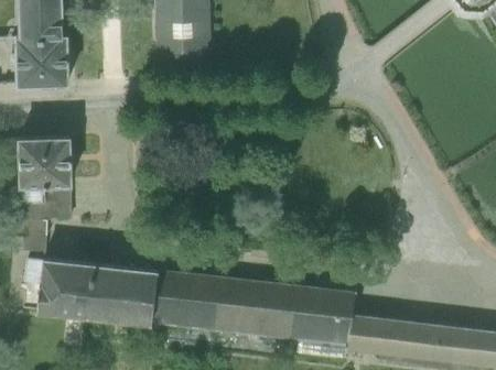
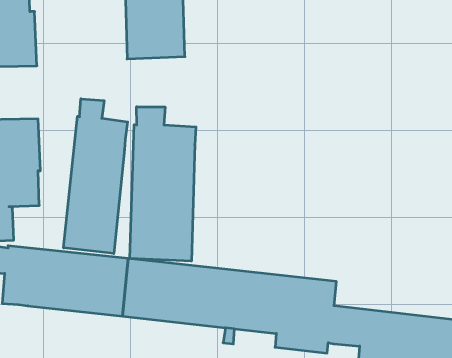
building: none -> [64,99,128,254]
building: none -> [130,107,196,261]

